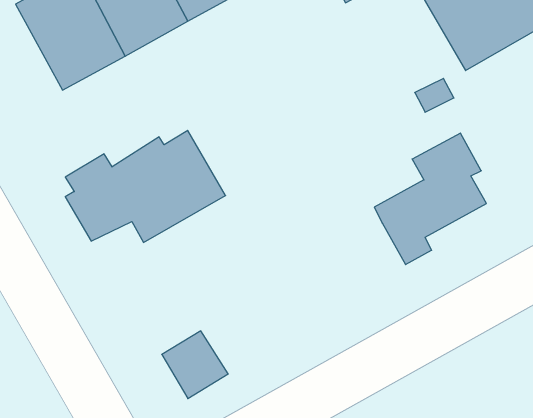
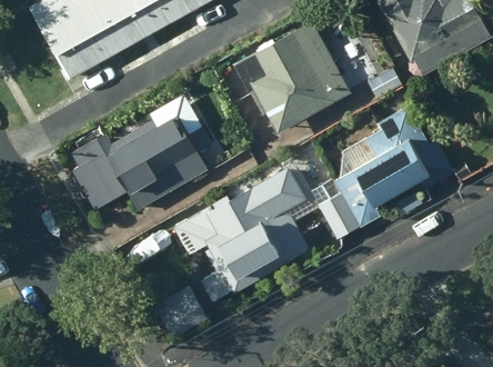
building: none -> [231,27,334,115]
building: none -> [182,163,361,300]

